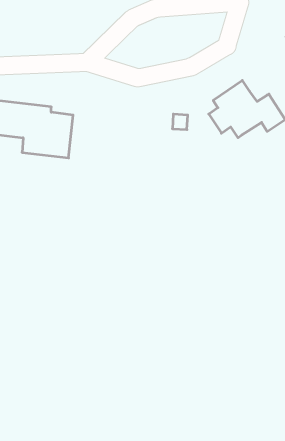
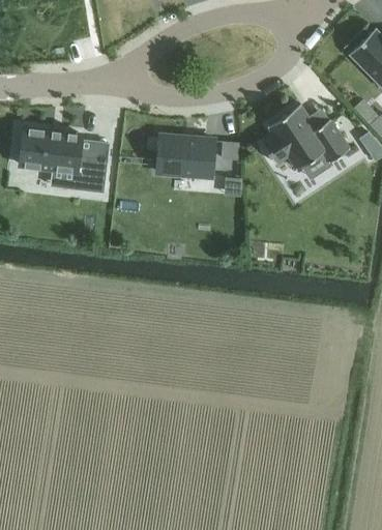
building: none -> [155,134,215,178]

